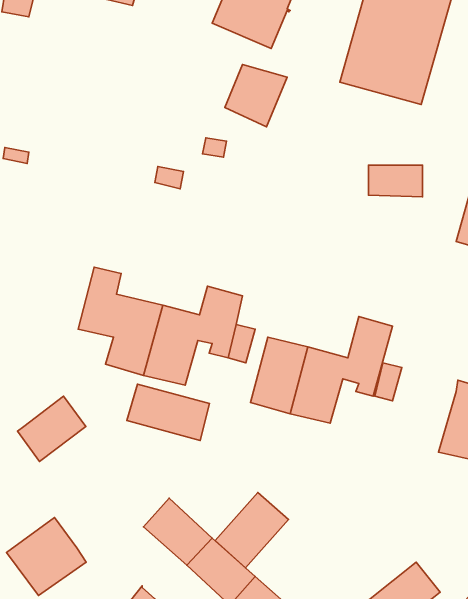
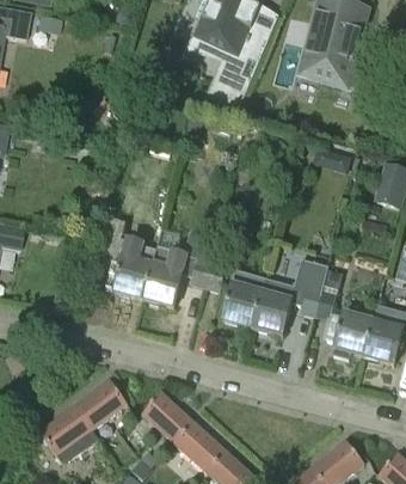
building: [127,384,209,441] -> none
building: none -> [333,308,376,357]
building: [17,396,86,462] -> [75,380,127,429]
building: [215,492,289,568] -> none

